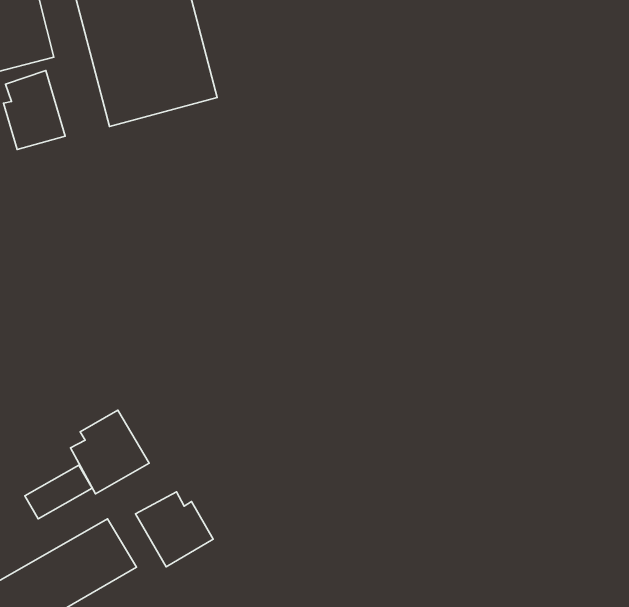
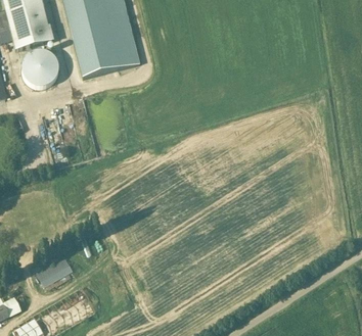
building: [71,410,149,494] -> none
building: [135,492,213,567] -> none

